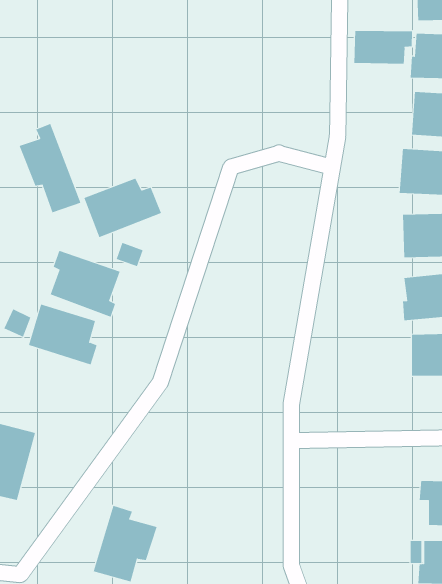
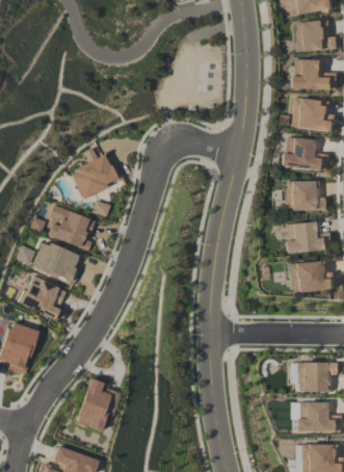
building: [354,30,413,65] -> none
building: [19,123,81,213] -> none
building: none -> [19,276,65,320]

